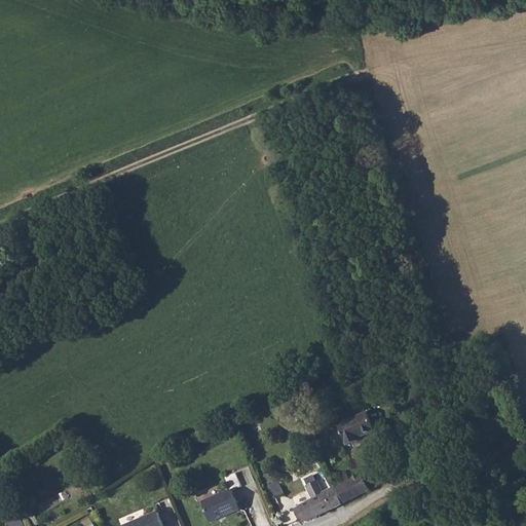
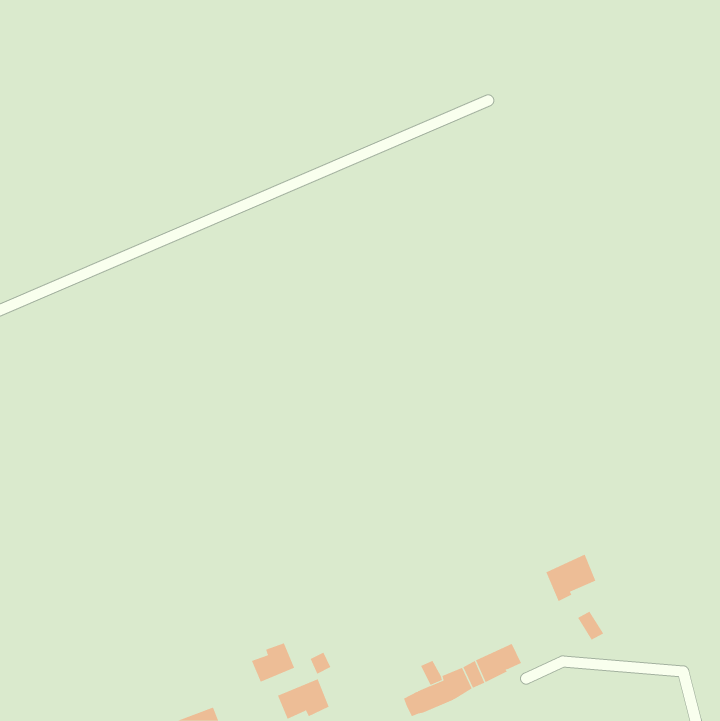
building: [337,406,374,441] -> [545,554,596,602]
building: none -> [251,643,295,683]

